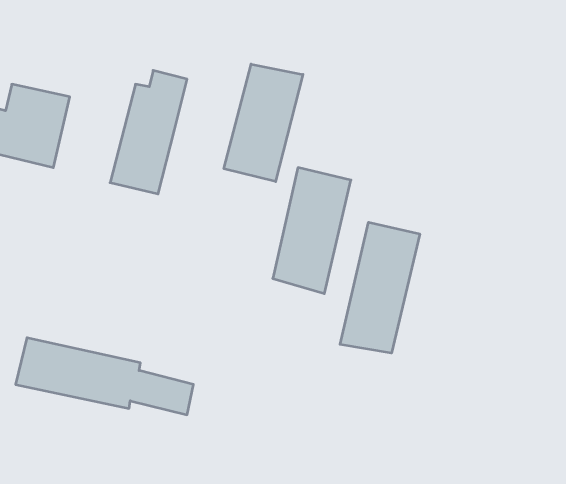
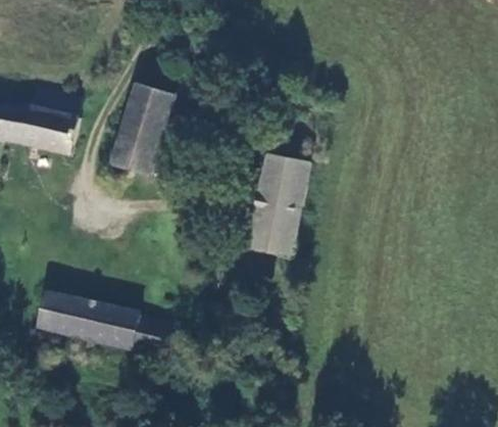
building: [224,64,303,182] -> none
building: [340,222,420,353] -> none

